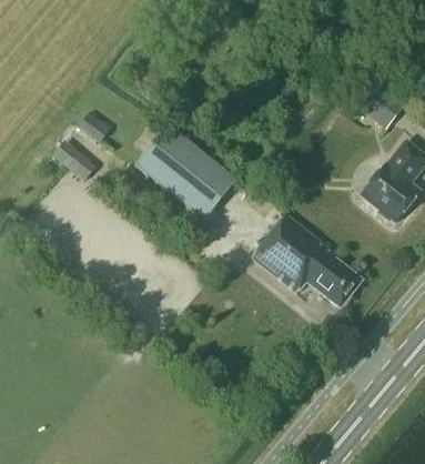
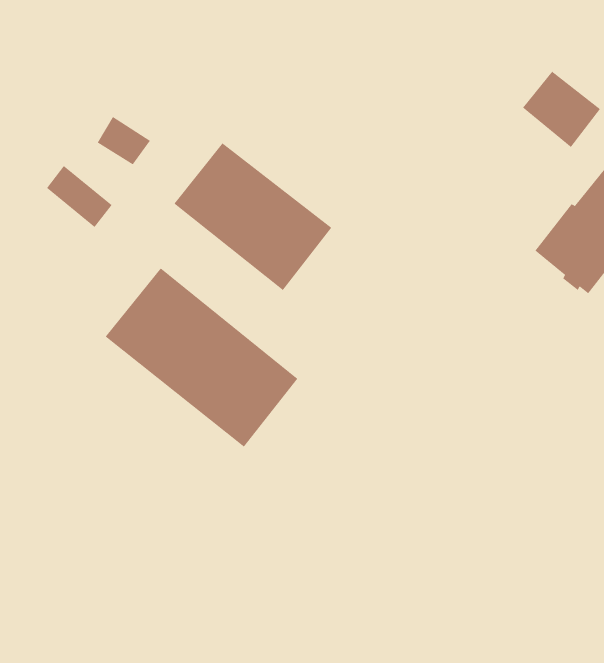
building: none -> [105,268,298,448]
building: [253,215,362,310] -> none

